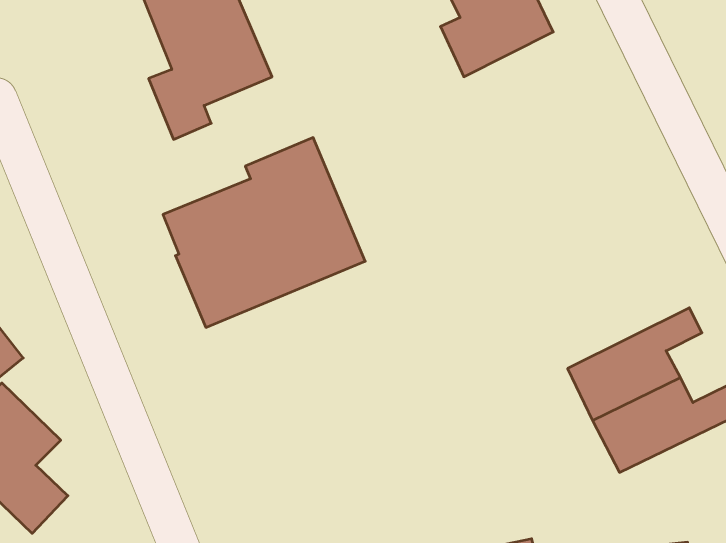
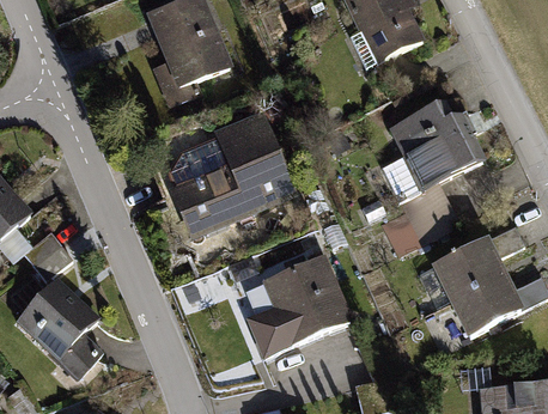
building: none -> [373,97,473,256]
building: none -> [245,256,354,360]

